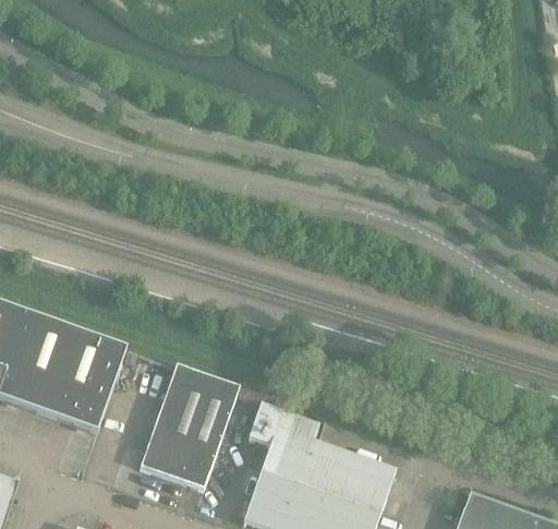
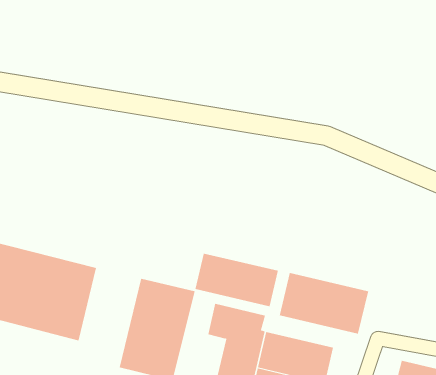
building: none -> [195,253,278,307]
building: none -> [279,272,369,335]

